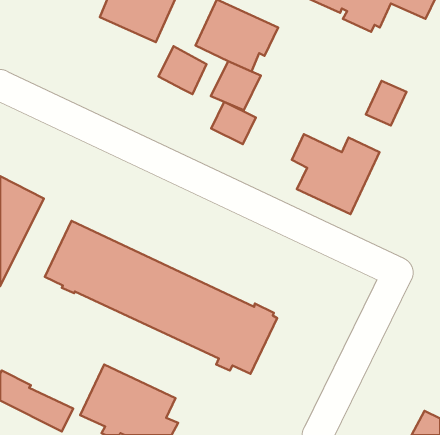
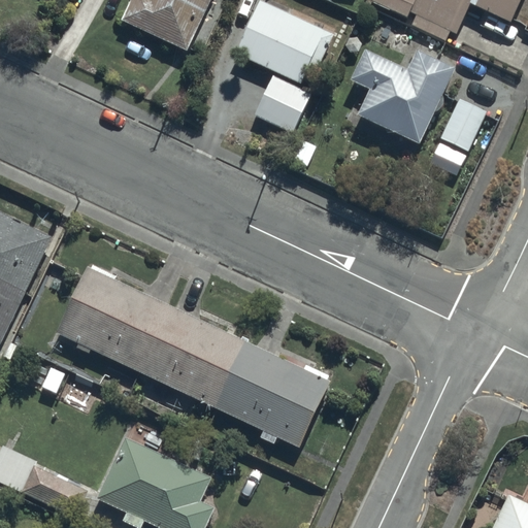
building: [159,46,207,94] -> none
building: [211,102,256,144] -> none
building: [292,134,380,214] -> [349,47,454,143]

